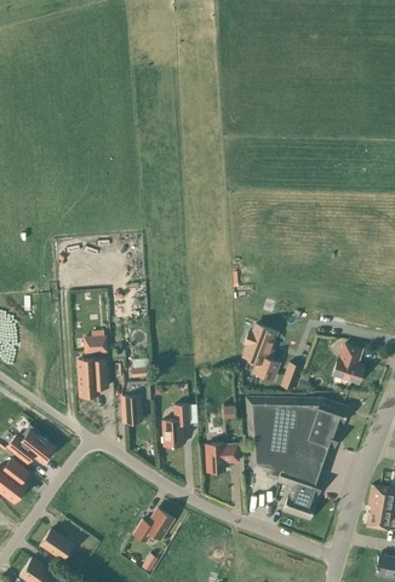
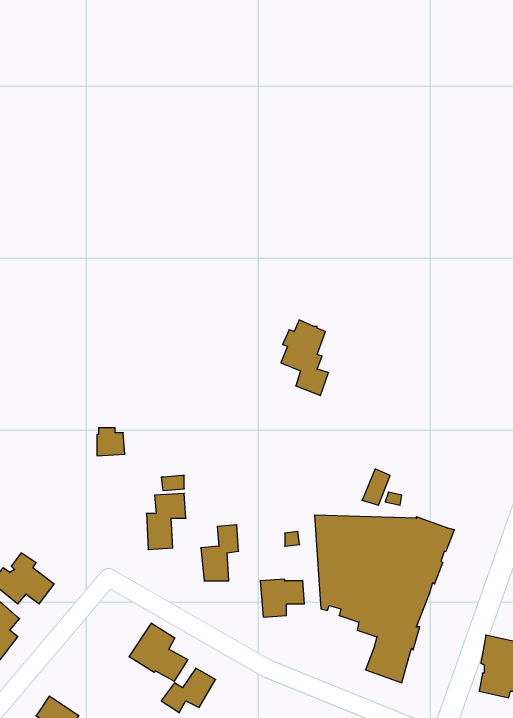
building: [244,324,279,380] -> [281,320,329,396]
building: [333,344,365,384] -> none
building: [79,359,108,397] -> none
building: none -> [129,623,188,681]

